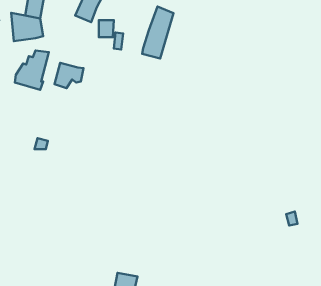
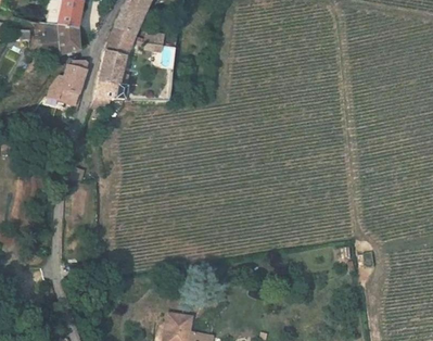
building: [142,7,173,58] -> [100,23,136,83]

